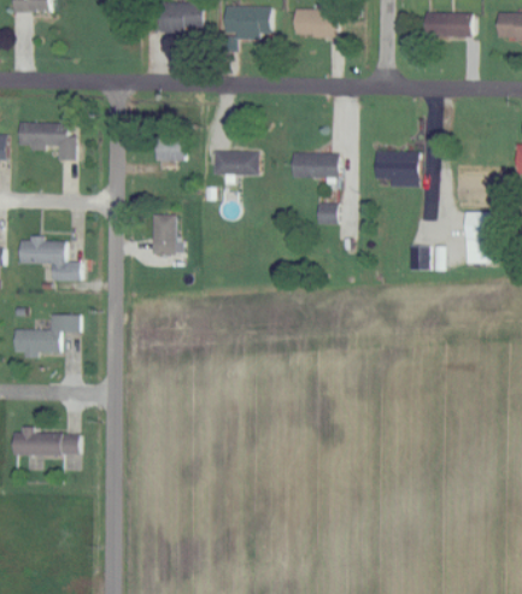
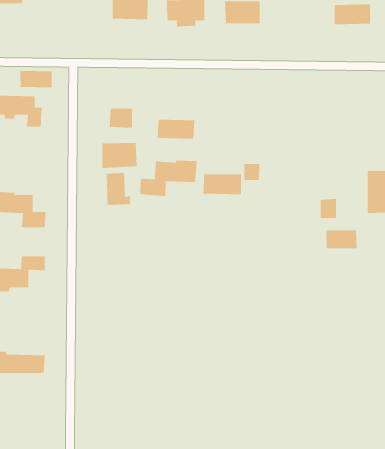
building: none -> [20,70,52,88]
building: [373,152,417,188] -> none
building: [291,153,338,178] -> [203,174,242,195]
building: none -> [102,142,137,169]
building: none -> [140,160,197,197]
building: none -> [326,230,357,249]

